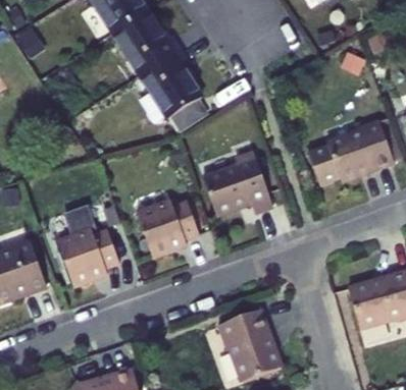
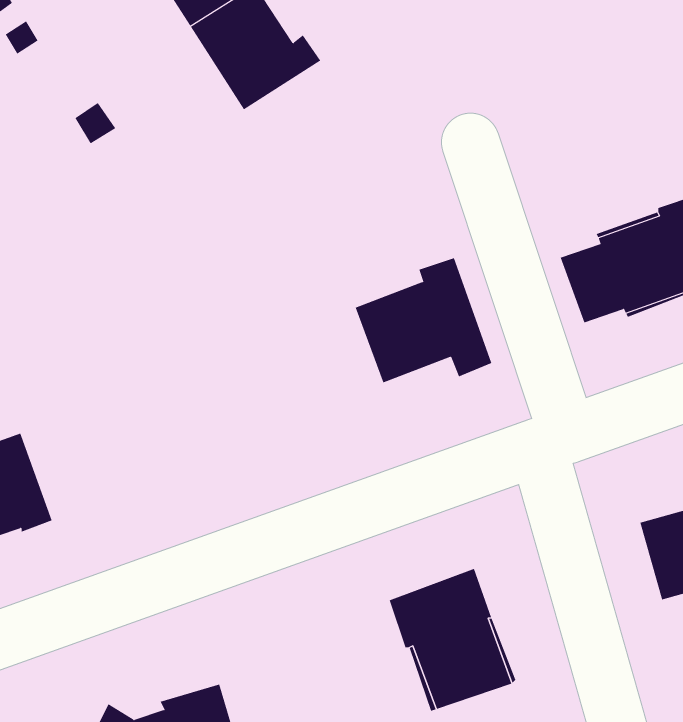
building: [144,51,206,128] -> none
building: [136,201,198,257] -> none
building: [56,206,118,286] -> none

